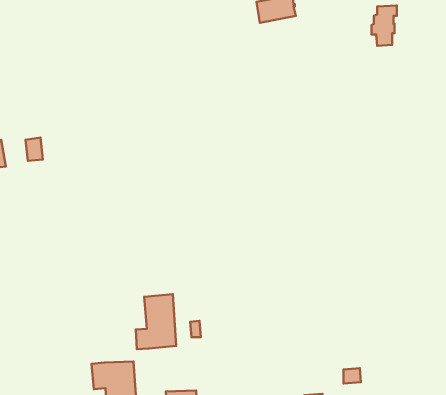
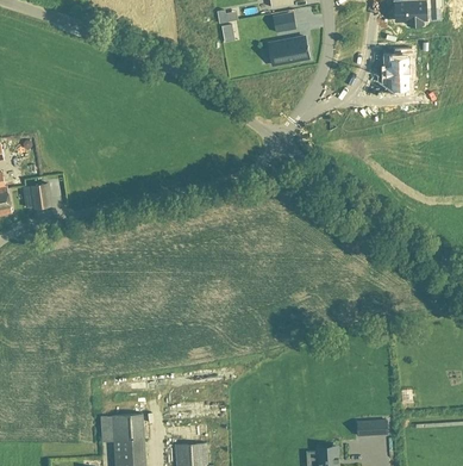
building: [136,294,176,349] -> none

